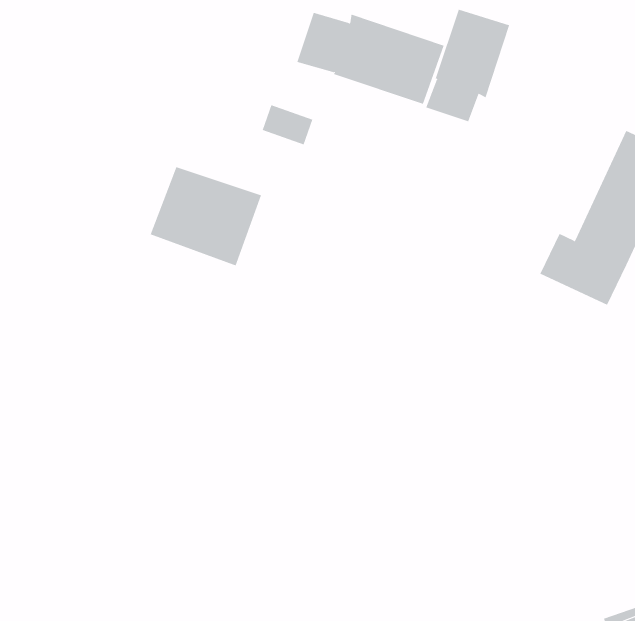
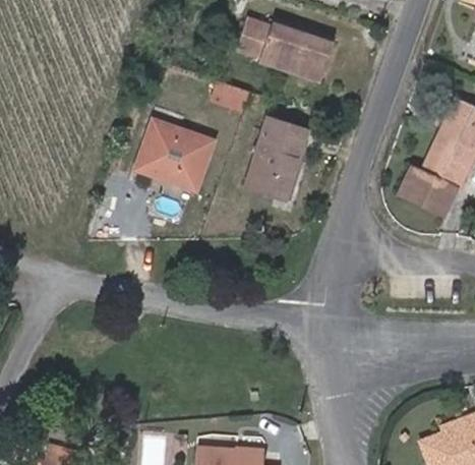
building: [425,9,510,122] -> none
building: none -> [246,119,306,198]

